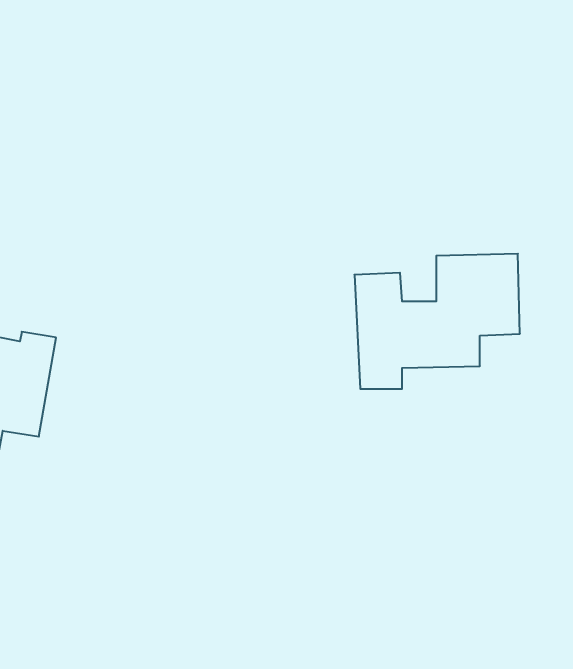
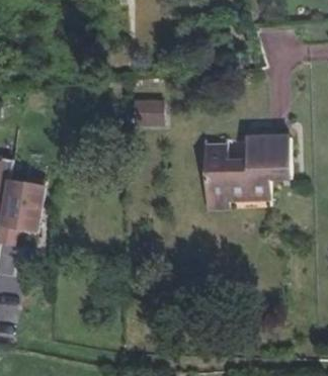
building: none -> [135,97,166,126]

